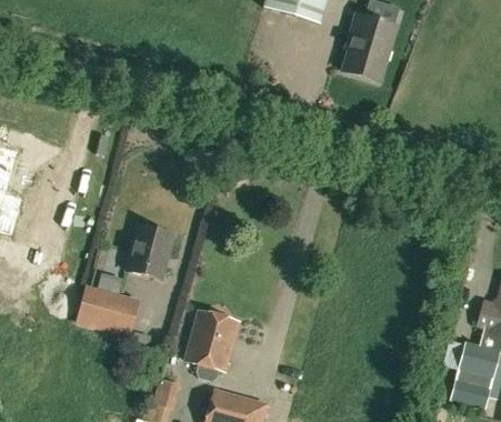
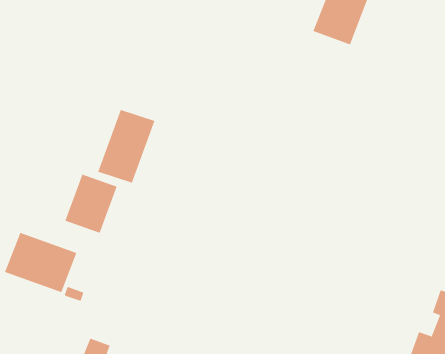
building: none -> [98,109,155,183]
building: [186,310,238,381] -> none

